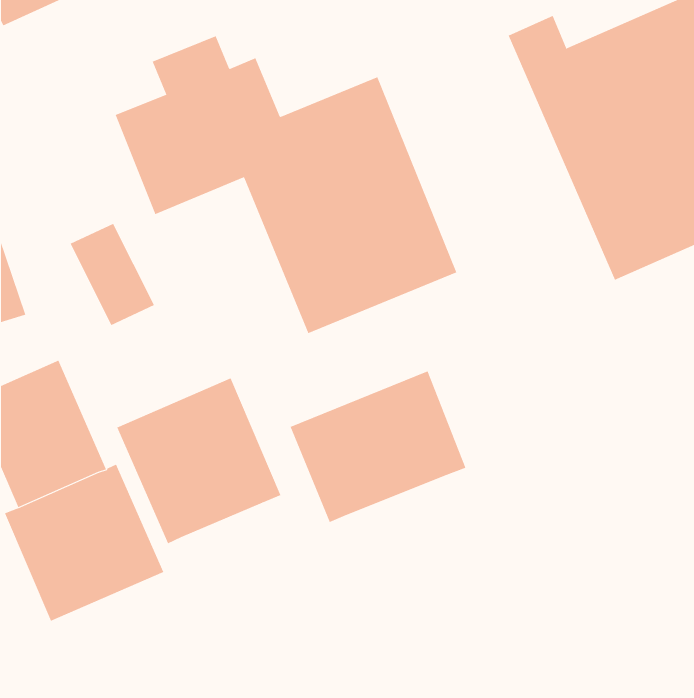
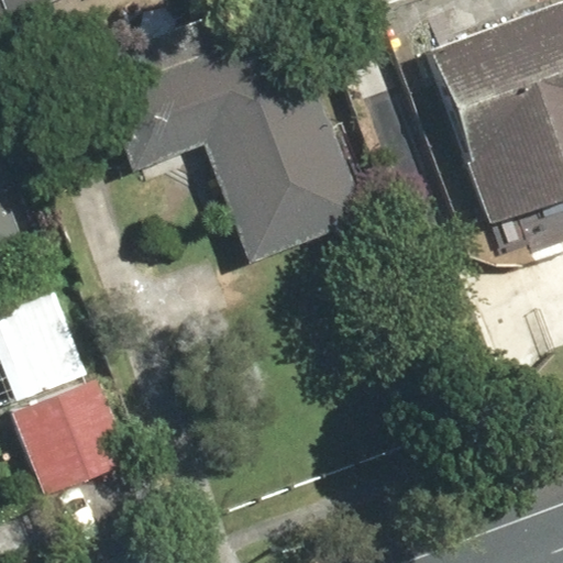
building: [290,371,466,523] -> none
building: [117,377,281,544] -> none

